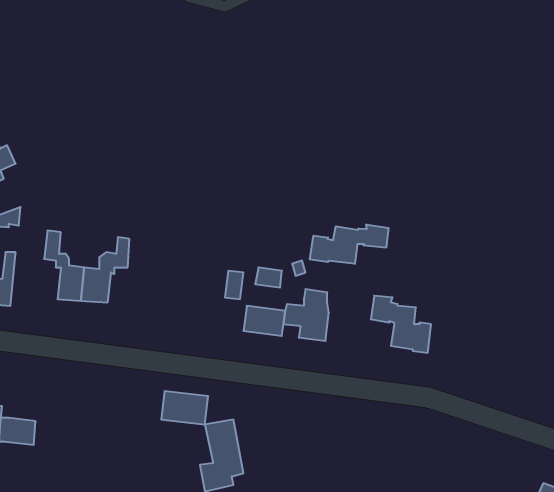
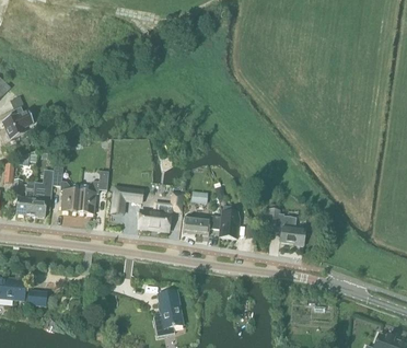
building: [310,224,388,264] -> none
building: none -> [31,169,54,217]
building: none -> [112,186,142,212]
building: [161,391,208,425] -> [139,208,170,230]

